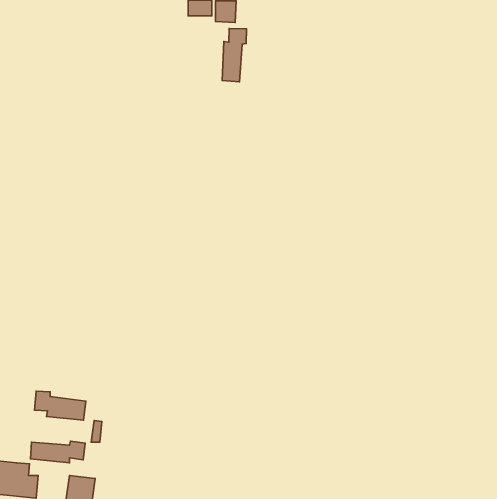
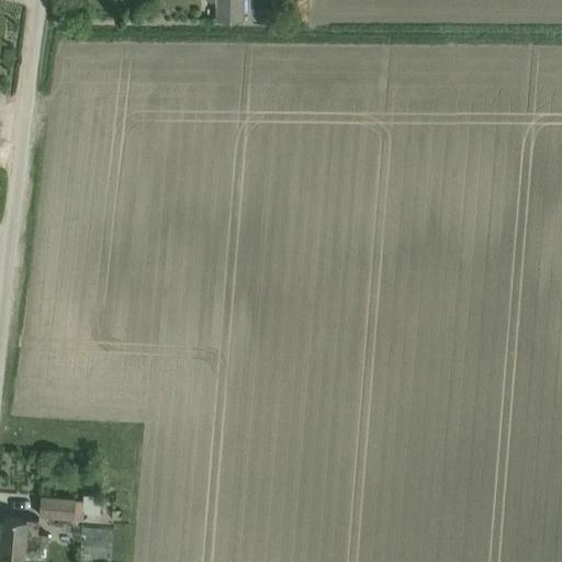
building: [222,28,246,82] -> none
building: [35,391,86,420] -> none

